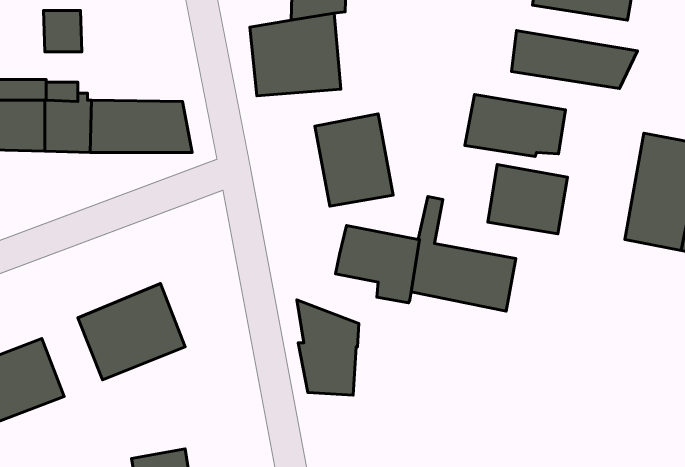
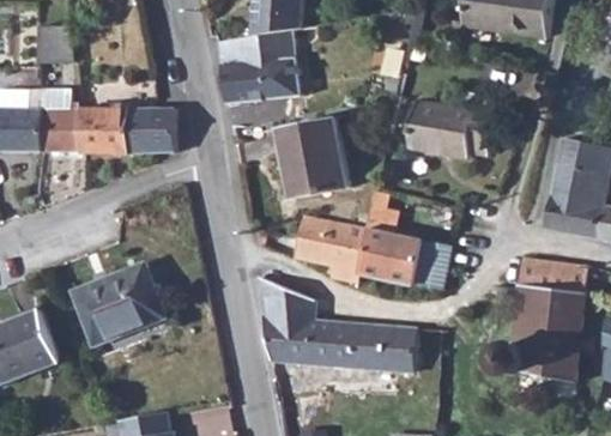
building: [511,31,637,88] -> none
building: [488,164,567,234] -> none
building: none -> [496,256,588,382]
building: none -> [309,321,417,371]

